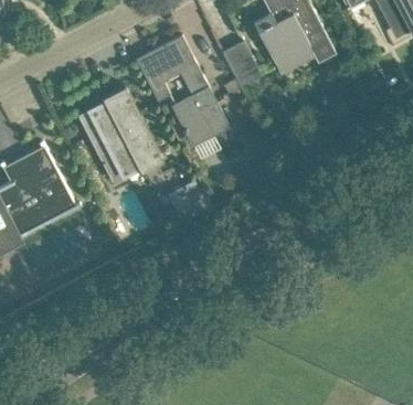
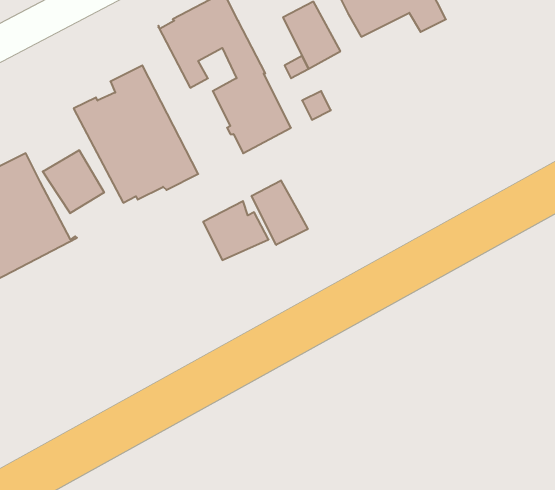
building: none -> [43,150,104,213]
building: none -> [252,180,308,245]

